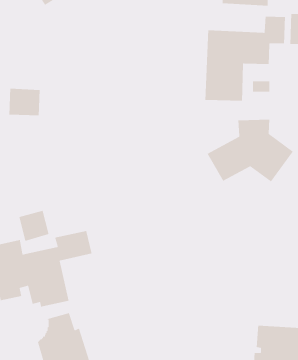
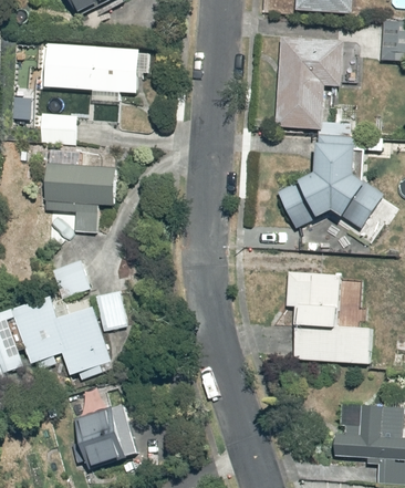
building: none -> [42,41,150,103]
building: none -> [42,148,117,235]
building: none -> [285,271,363,362]

